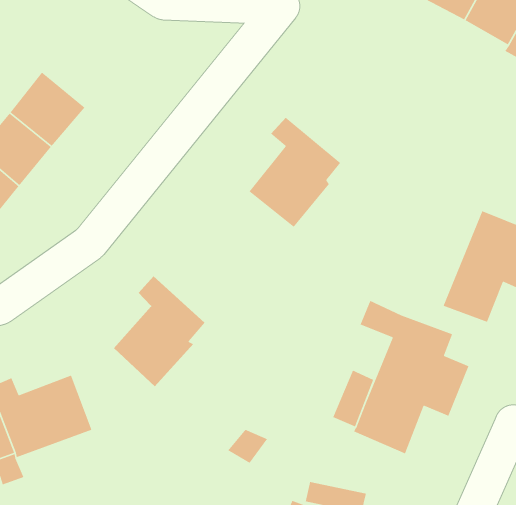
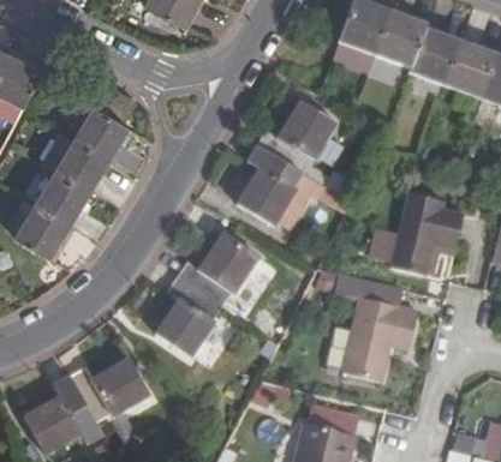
building: none -> [72,106,127,161]
building: none -> [256,102,335,173]
building: none -> [177,234,257,305]

